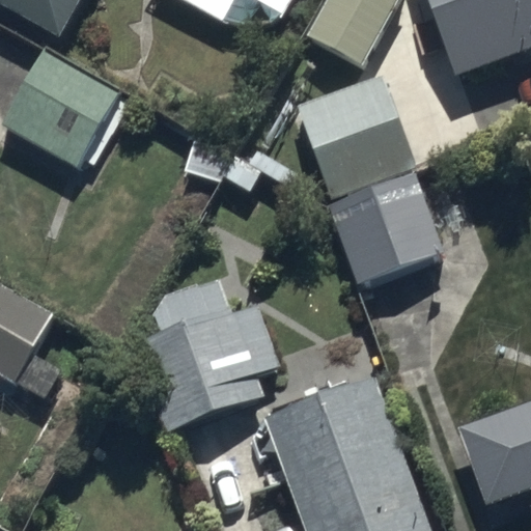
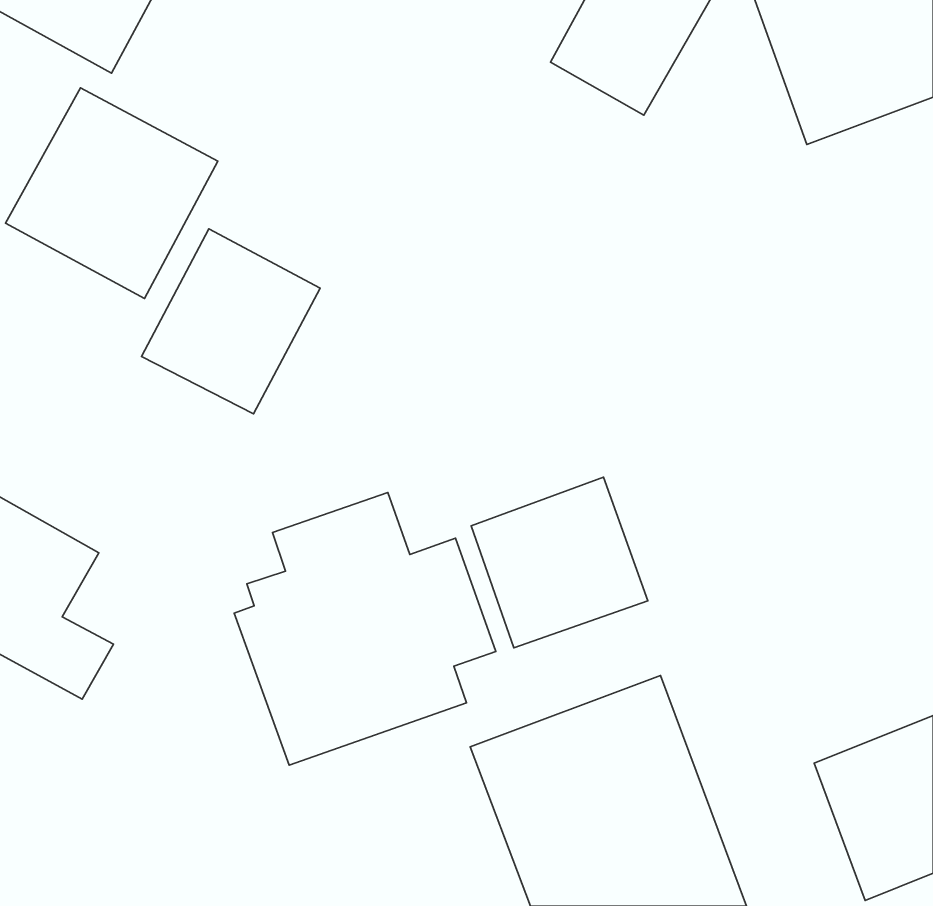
building: [298,82,442,286] -> none
building: none -> [141,229,320,414]
building: none -> [471,477,648,648]

